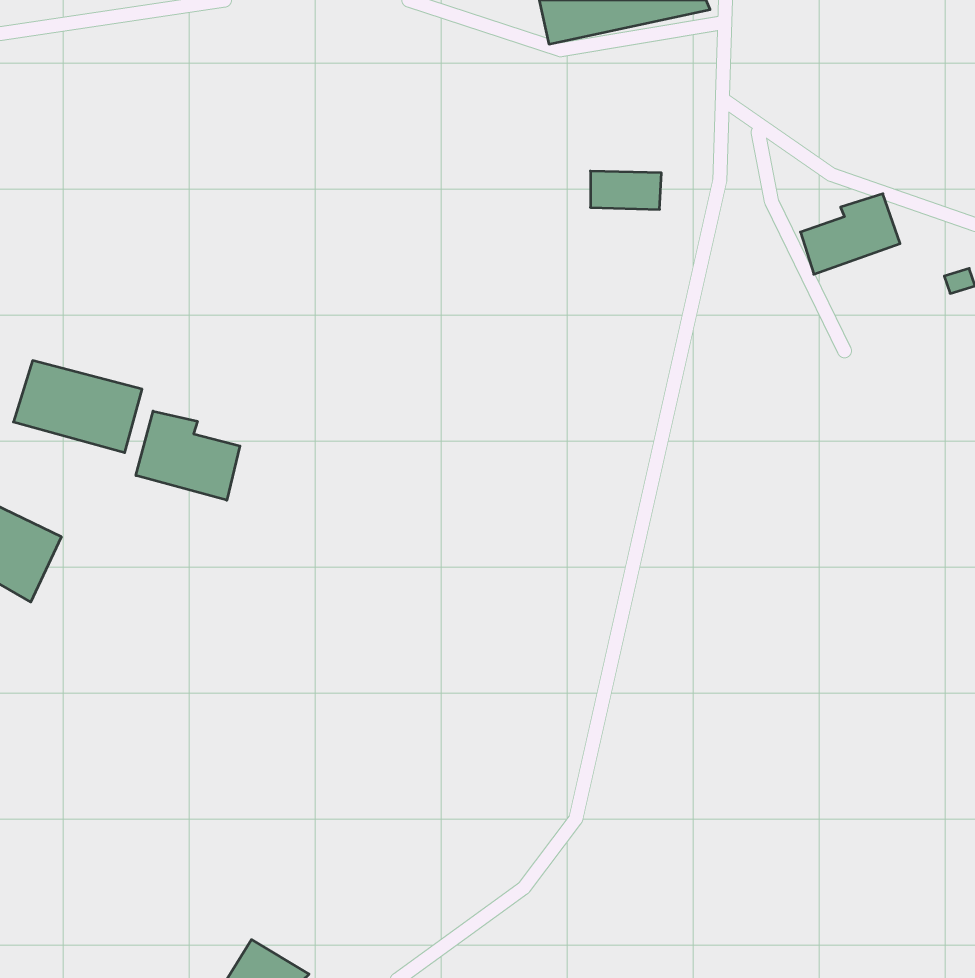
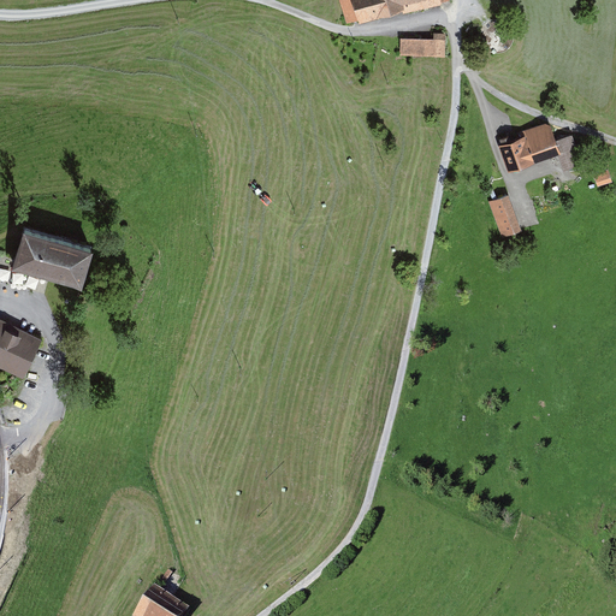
building: [590,171,661,209] -> [399,35,444,59]
building: none -> [488,194,525,238]
building: [136,411,240,500] -> none

